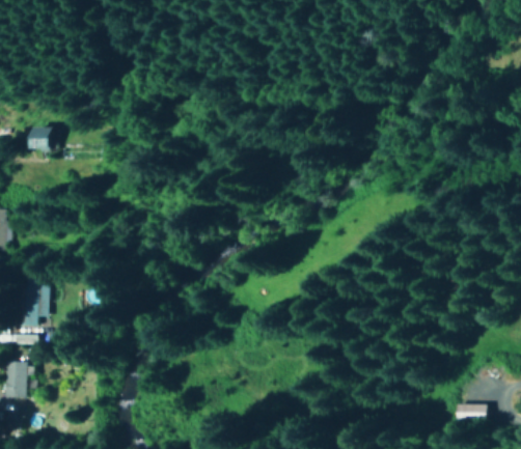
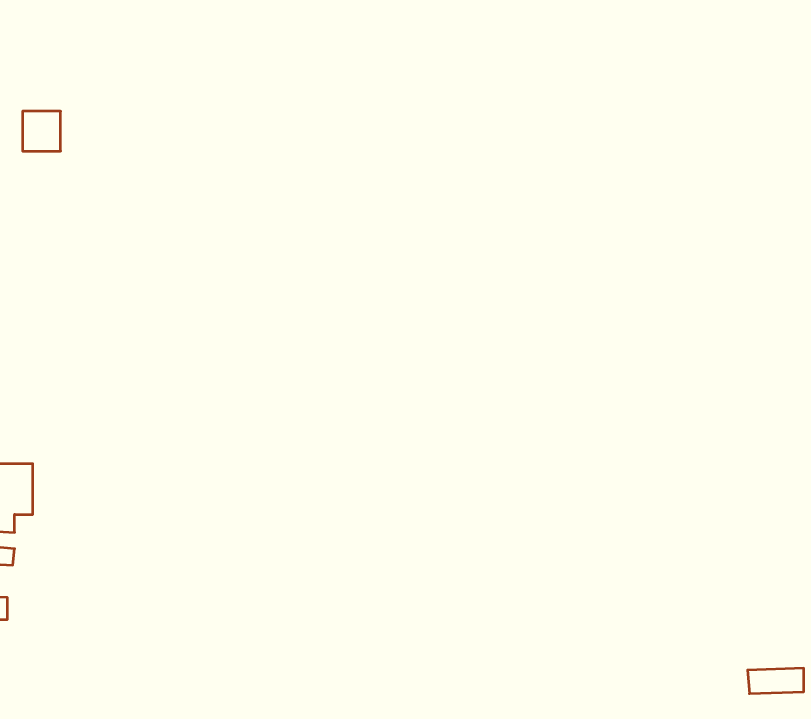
building: [32,128,54,150] -> [23,111,61,151]

